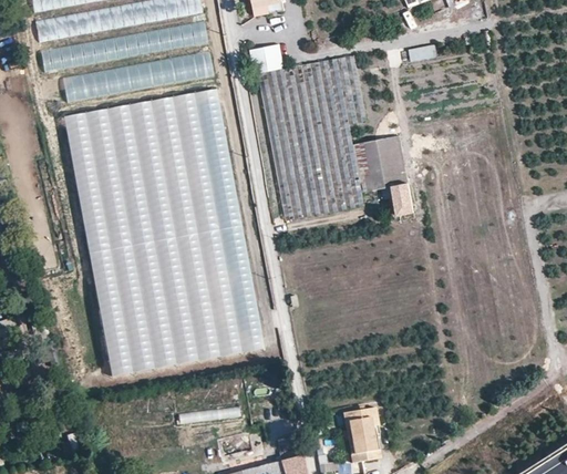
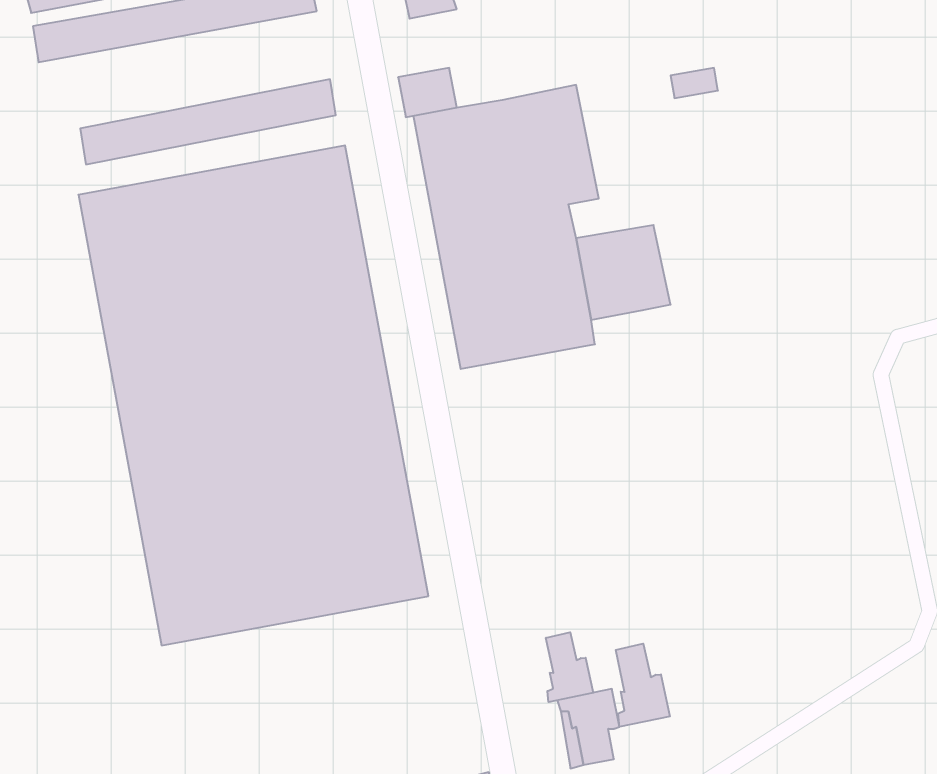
building: [41,19,209,70] -> none
building: [388,182,413,214] -> none
building: none -> [546,632,593,702]
building: none -> [616,644,670,727]

